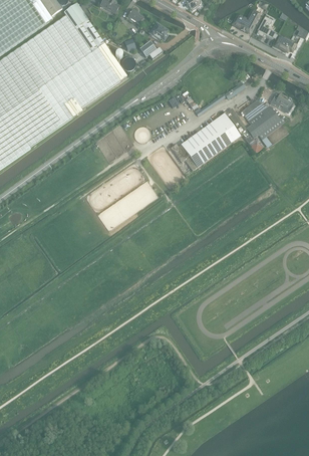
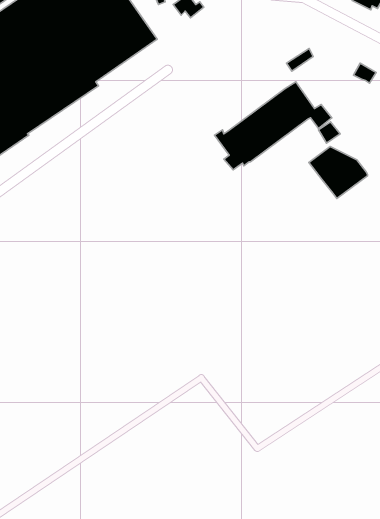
building: [240,99,284,139] -> [309,146,367,198]

